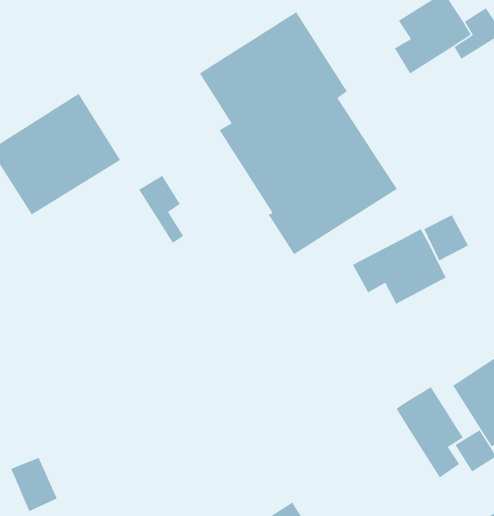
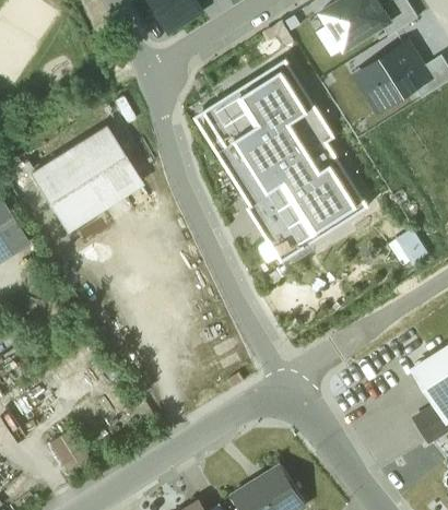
building: [138,175,184,244] -> none
building: [352,228,447,305] -> none
building: [395,386,464,478] -> none

